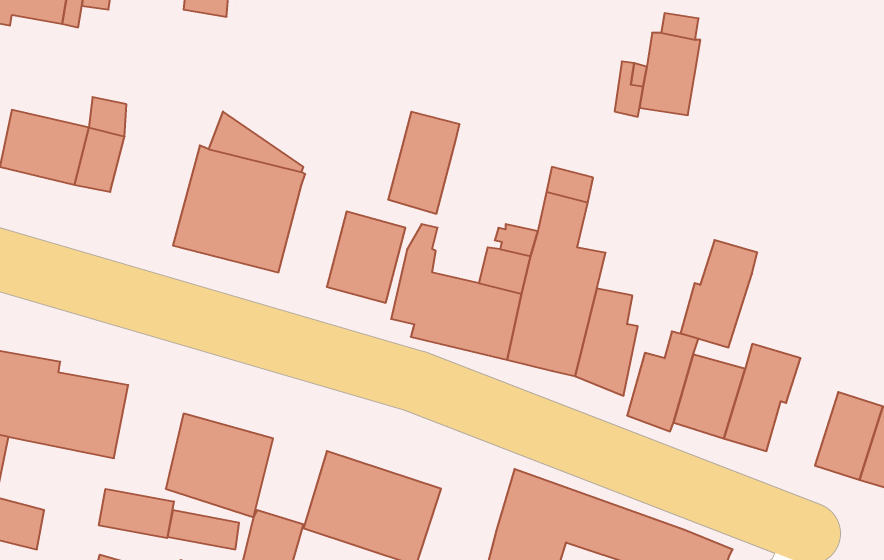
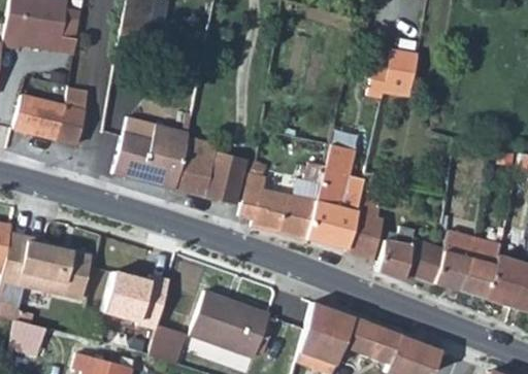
building: [388,112,460,214] -> [176,139,218,198]
building: [680,240,757,347] -> [458,239,502,301]
building: [99,489,174,538] -> none

